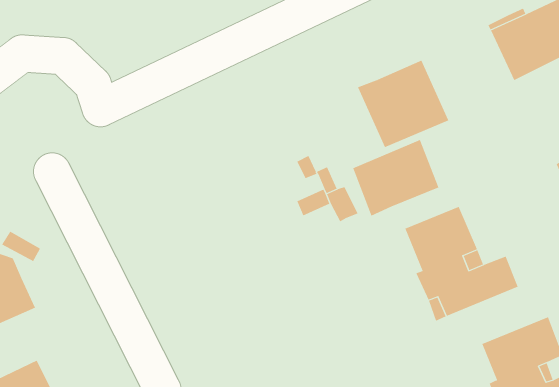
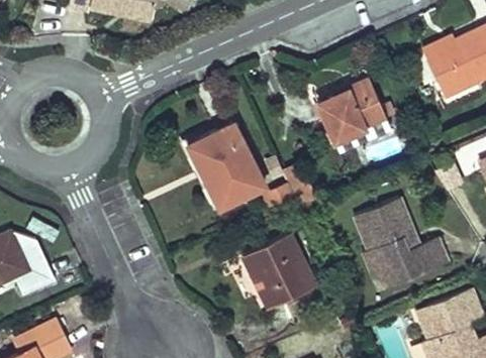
building: none -> [187,122,265,208]
building: [352,139,439,217] -> none
building: none -> [242,233,314,308]

